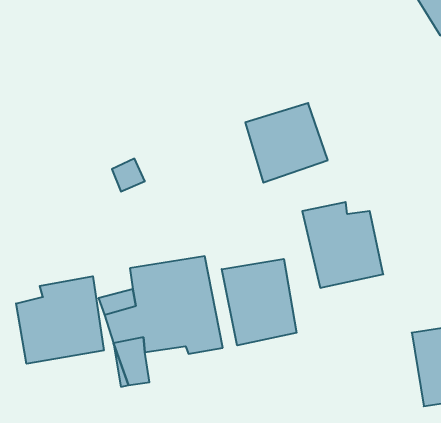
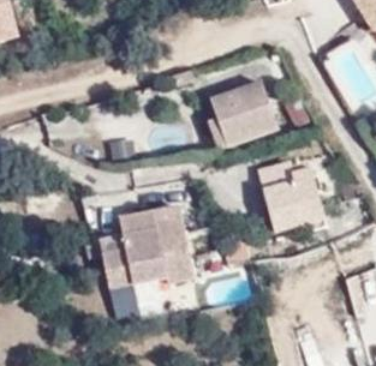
building: [222,259,297,345] -> none
building: [16,276,104,364] -> none

